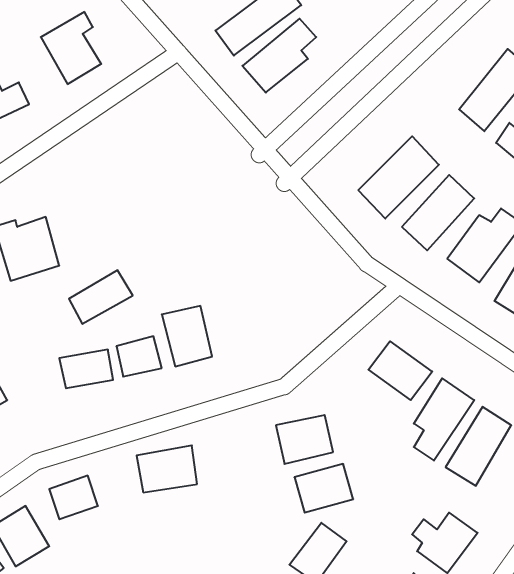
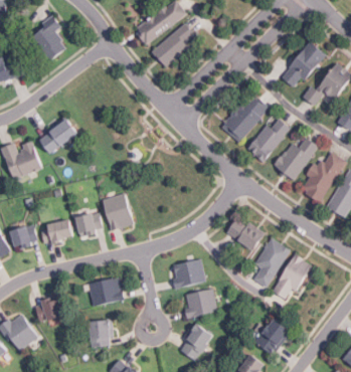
building: [69,270,133,324] -> [40,120,78,152]
building: none -> [11,224,38,249]
building: none -> [91,320,112,346]

